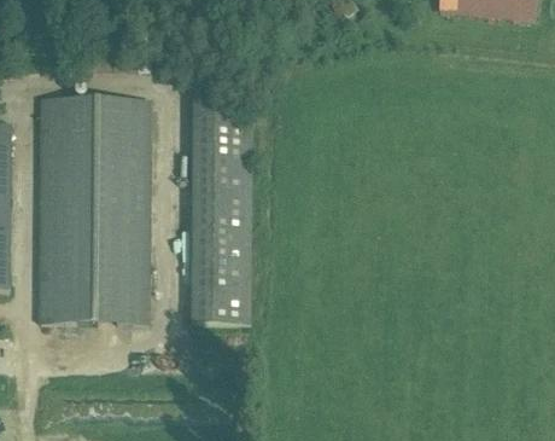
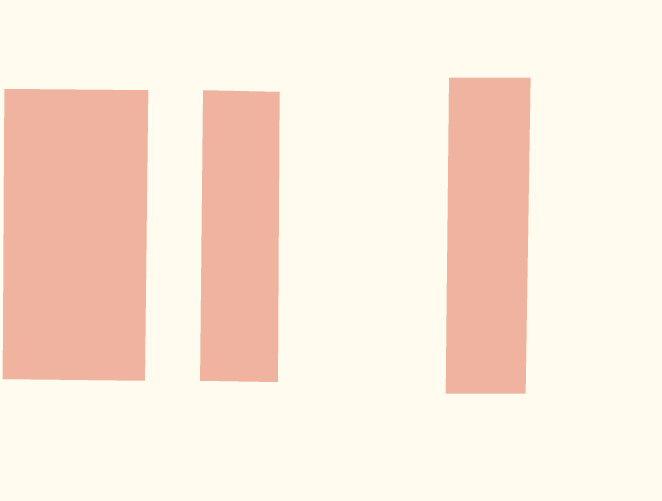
building: none -> [445,77,531,395]

